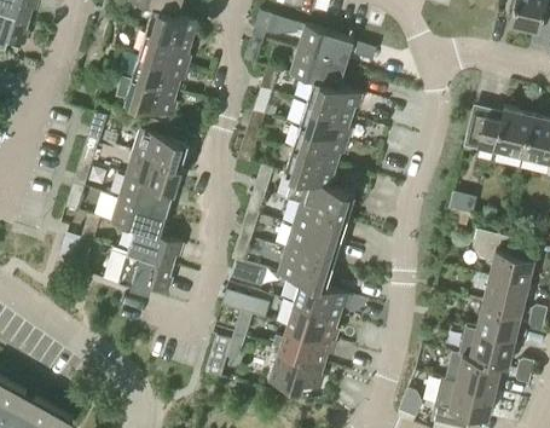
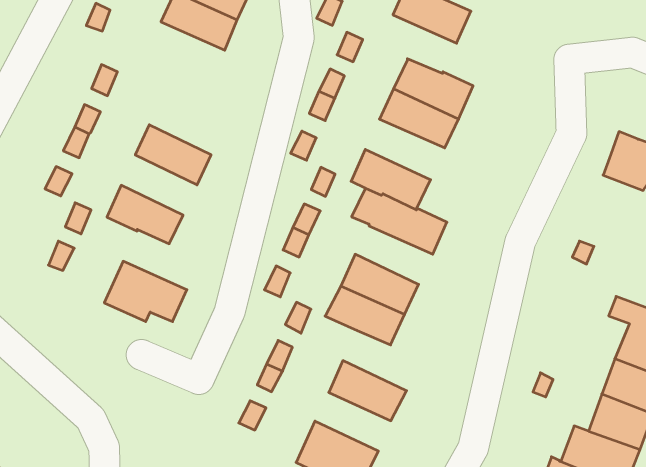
building: [290,51,346,88] -> none
building: [116,76,180,116] -> none
building: [290,127,347,166] -> none
building: [133,128,189,168] -> none
building: [118,175,173,214] -> none
building: [293,204,348,242] -> none
building: [127,229,183,267] -> none
building: [294,280,349,319] -> none
building: [279,328,334,365] -> none

